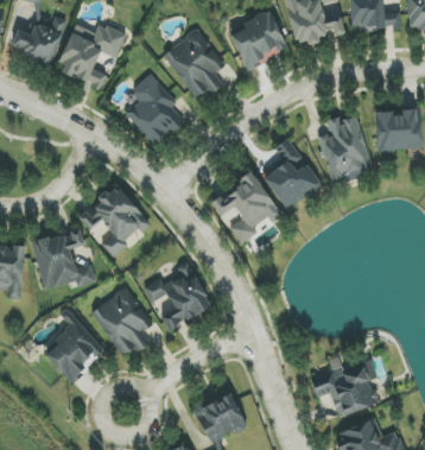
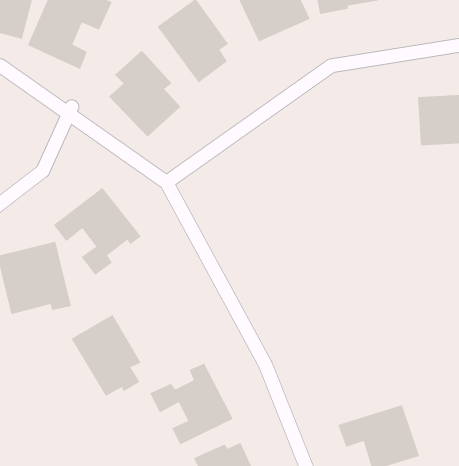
building: [318,113,374,182] -> none
building: [264,140,322,209] -> none
building: [211,172,283,241] -> none
building: [144,260,213,328] -> [149,362,234,445]
building: [43,322,102,382] -> none

